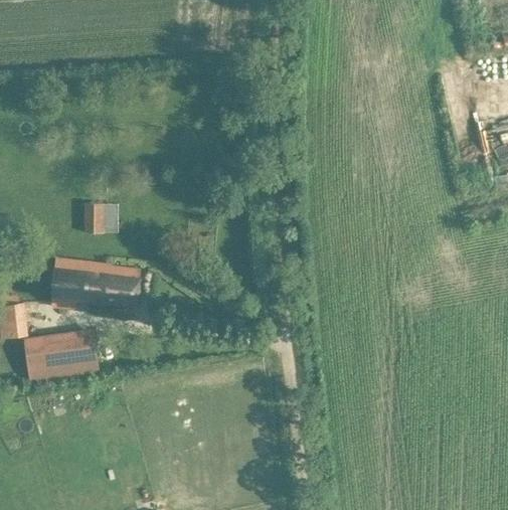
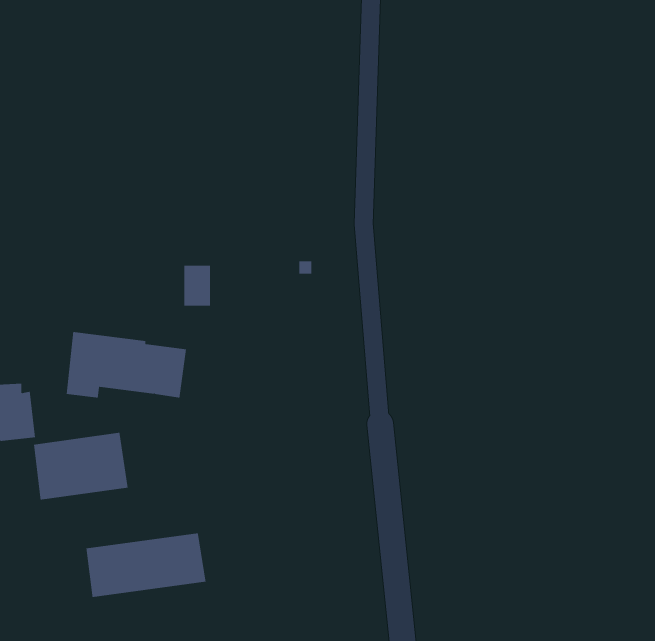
building: [83,200,104,230] -> [184,265,211,306]
building: none -> [86,532,206,598]

